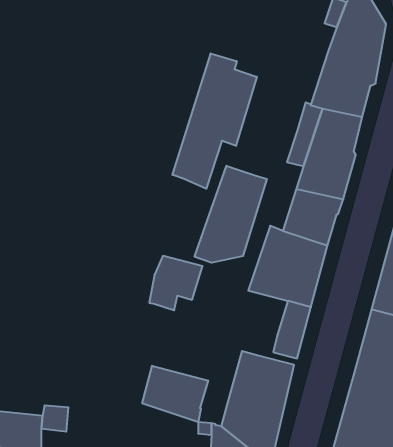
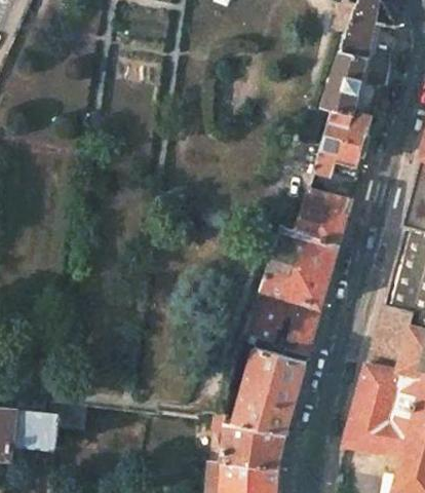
building: [172,53,257,189] -> none
building: [195,166,267,263] -> none
building: [149,256,203,310] -> [245,292,298,345]
building: [142,366,208,422] -> none

